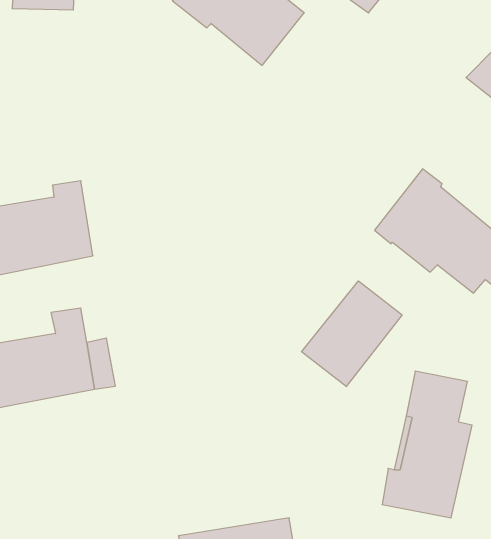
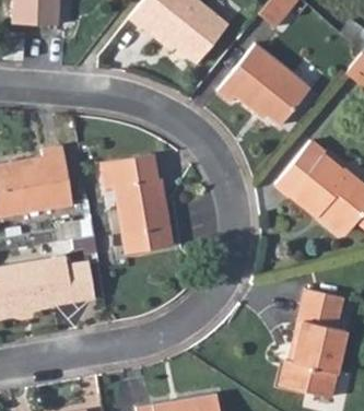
building: none -> [219,44,312,125]
building: none -> [102,155,172,254]
building: [302,281,402,387] -> none

